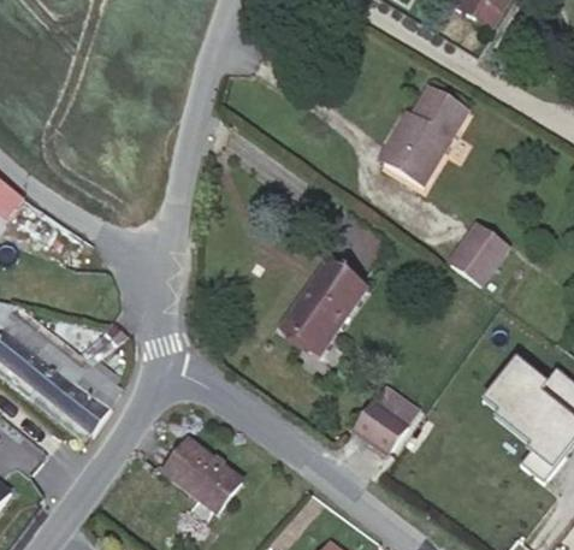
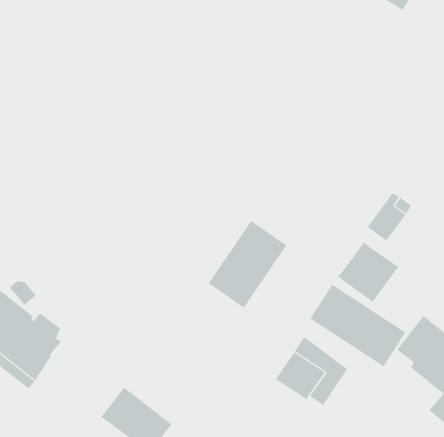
building: [383,83,468,184] -> none
building: none -> [337,241,399,302]
building: none -> [310,284,406,367]

